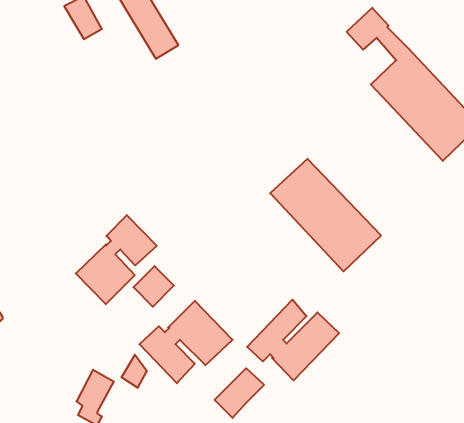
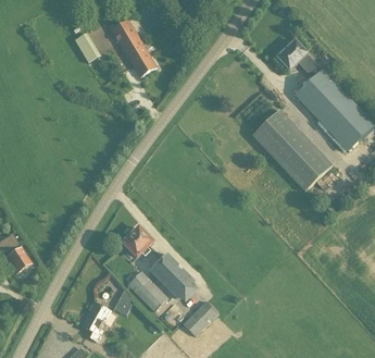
building: [270,159,381,271] -> [251,110,332,192]
building: [76,215,157,304] -> none
building: [247,300,339,380] -> none

